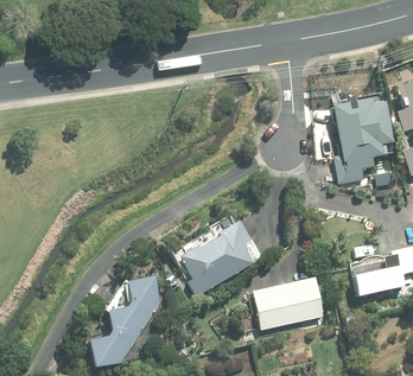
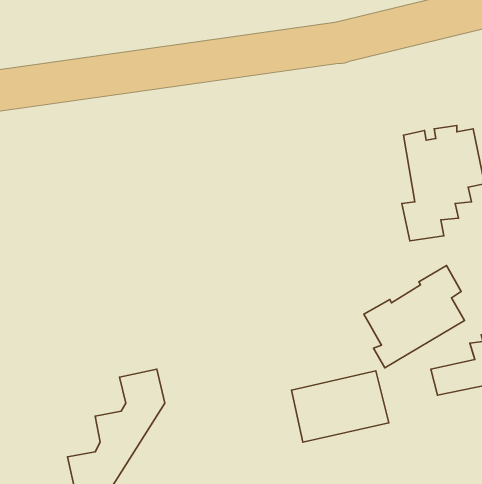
building: [180,221,254,295] -> [364,265,464,368]

